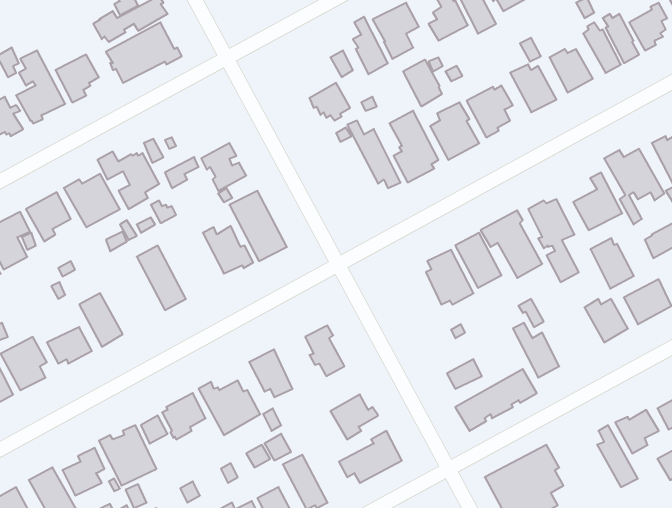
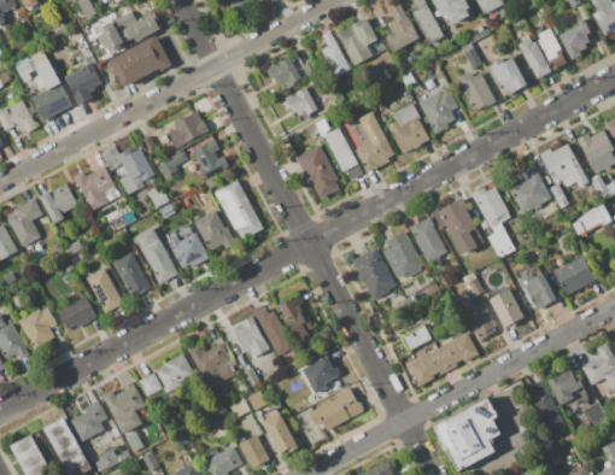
building: none -> [266,57,301,89]
building: [403,60,442,106] -> none
building: none -> [168,111,210,147]
building: none -> [295,145,339,199]
building: none -> [168,218,209,268]
building: [590,238,634,289] -> [487,283,525,327]
building: none -> [352,247,396,299]
building: none -> [112,252,150,297]
building: none -> [256,307,294,356]

